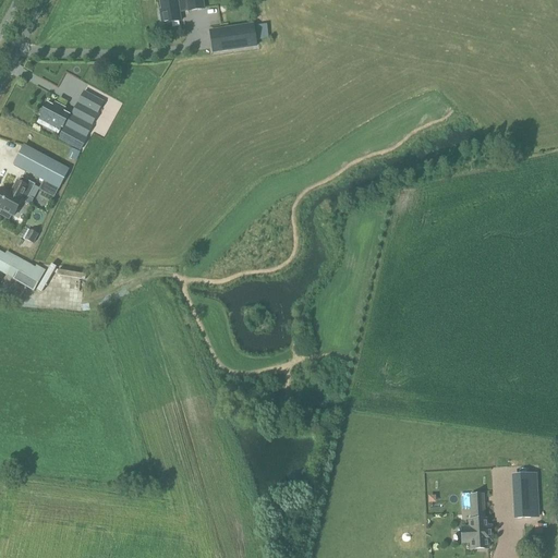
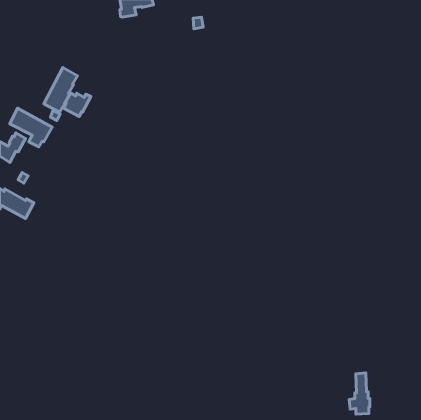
building: [209,23,255,51] -> none
building: [37,101,73,132] -> [64,93,91,116]
building: [514,473,537,517] -> none

